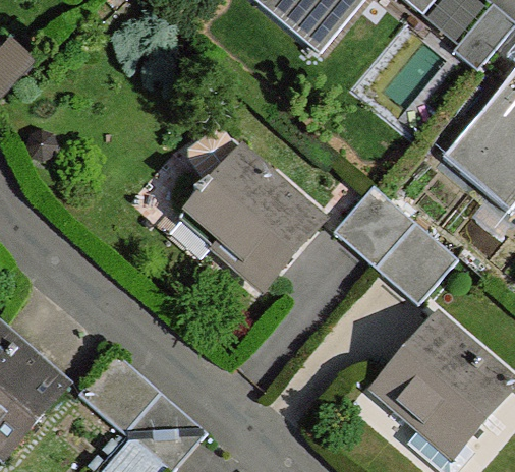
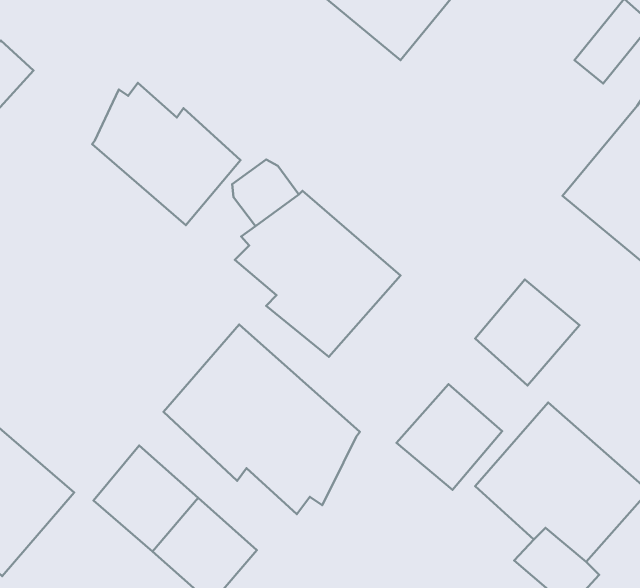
building: none -> [92,83,241,225]
building: [334,186,416,269] -> [396,384,502,490]
building: none -> [164,325,360,514]

